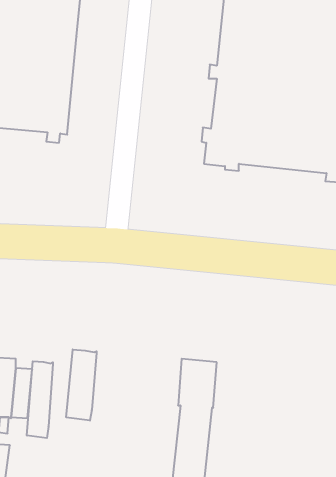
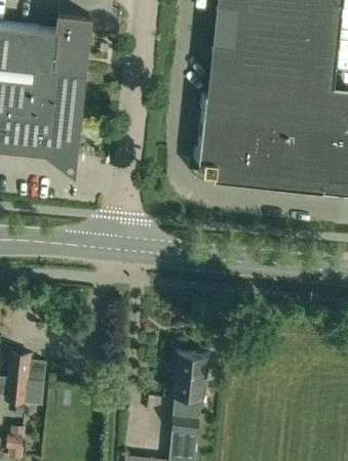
building: [66,349,97,421] -> none
building: [27,361,53,438] -> none

